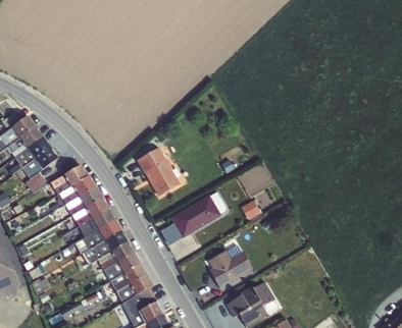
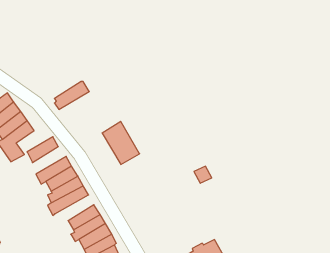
building: [56,175,96,207] -> [54,82,89,109]
building: [170,194,227,237] -> none
building: [83,230,128,263] -> none
building: [208,245,255,287] -> none

